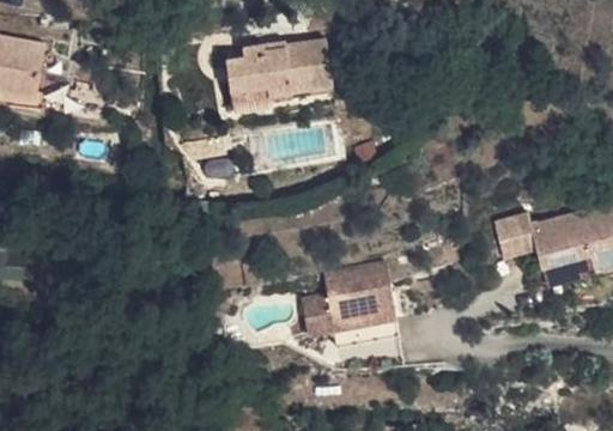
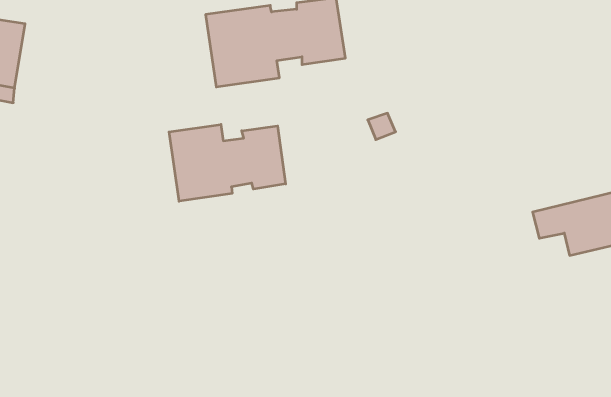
building: none -> [169,124,286,201]
building: [304,259,399,344] -> none

